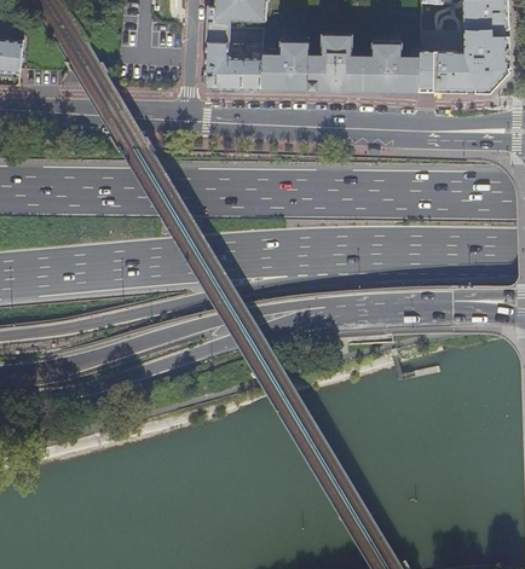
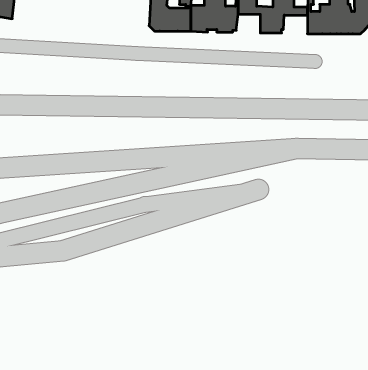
building: [322,65,354,91] -> none
building: [386,66,419,92] -> none

